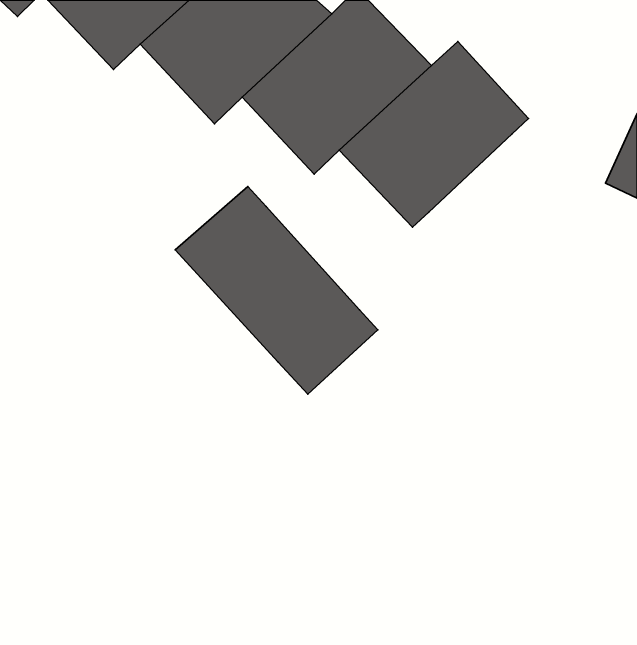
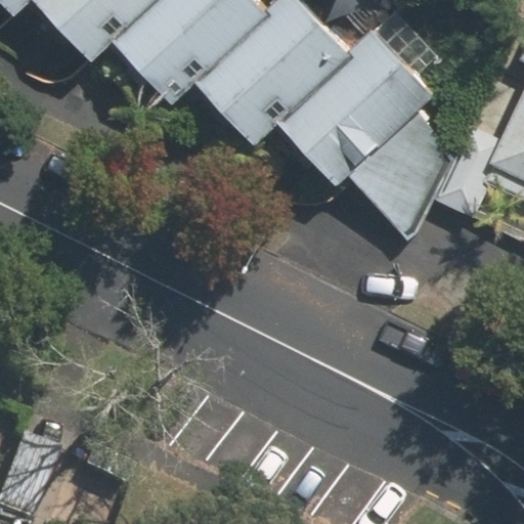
building: none -> [348,108,451,227]
building: [175,186,378,394] -> none

